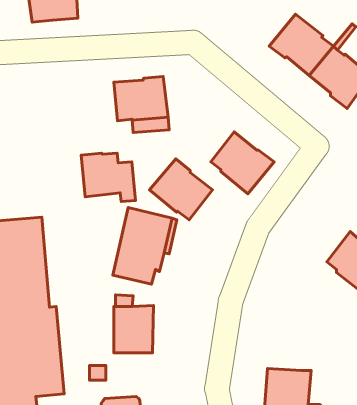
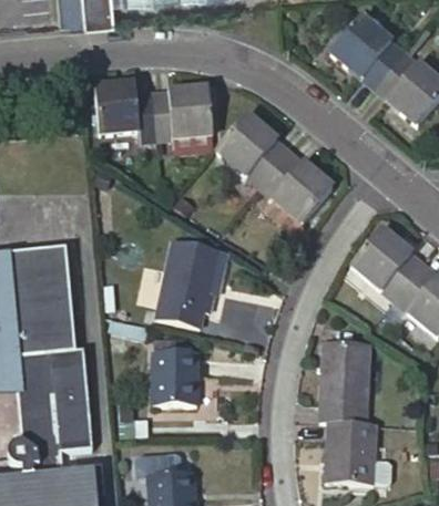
building: [81,153,136,202] -> [93,84,155,140]
building: [149,159,213,220] -> [216,115,288,185]
building: none -> [348,227,420,299]
building: none -> [318,343,369,423]

